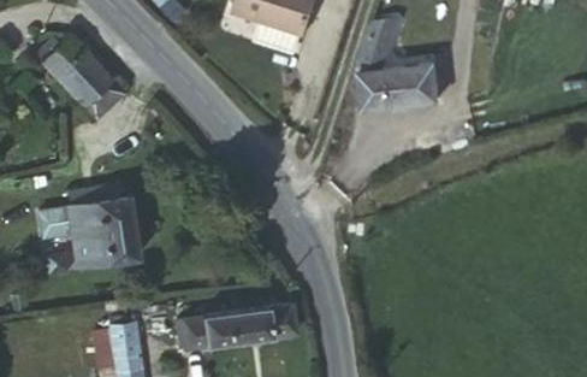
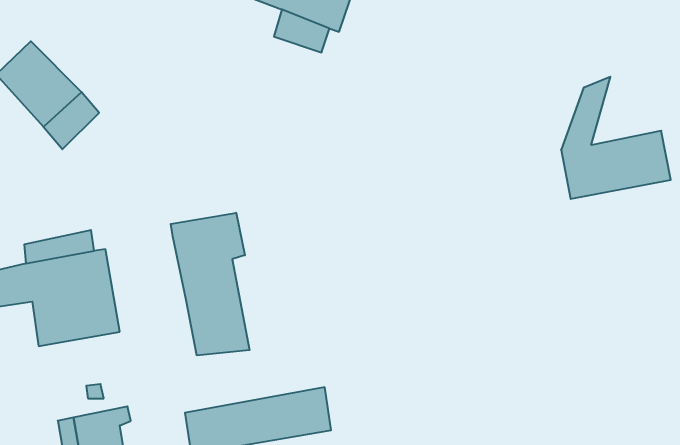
building: [352,25,435,118] -> [561,77,671,199]
building: none -> [171,213,250,355]

